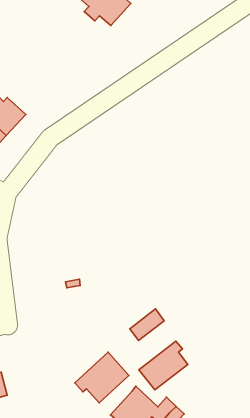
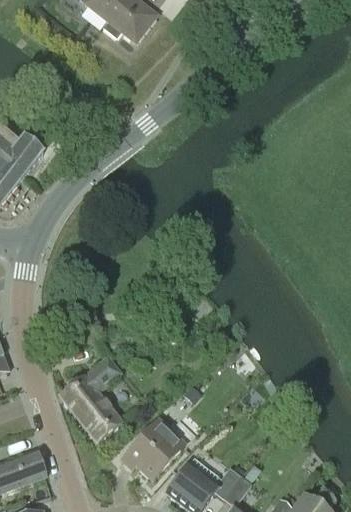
building: none -> [58,355,122,442]
building: [139,341,188,390] -> none

